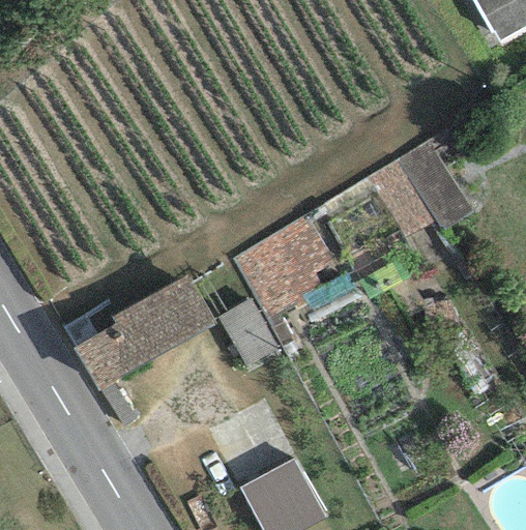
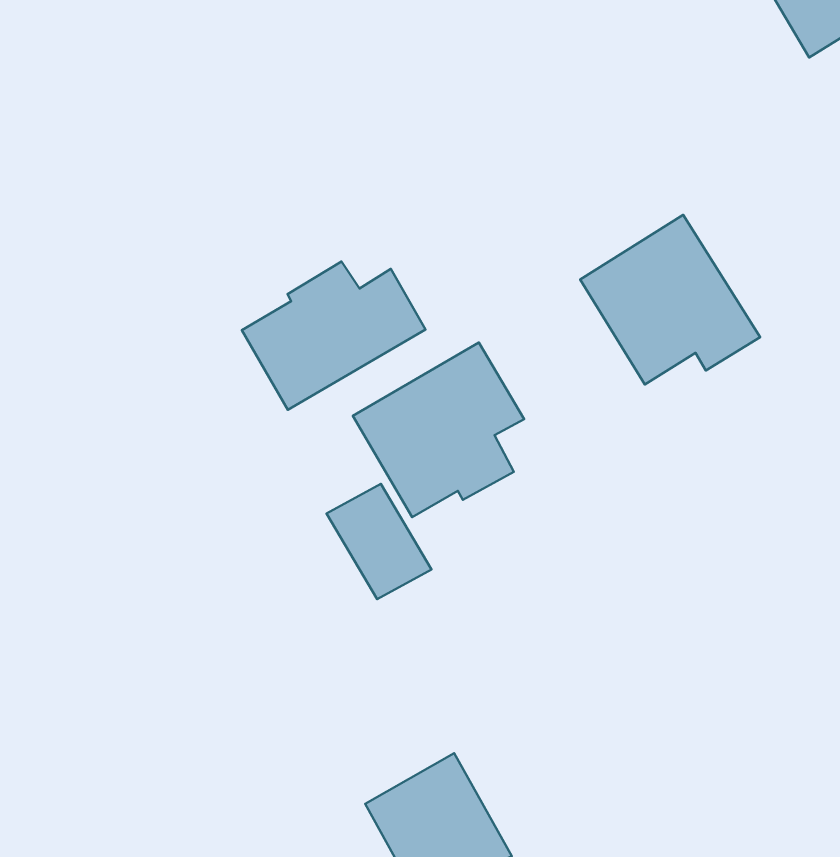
building: none -> [242,261,426,410]
building: [75,274,216,390] -> none

